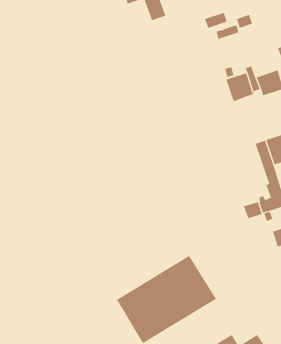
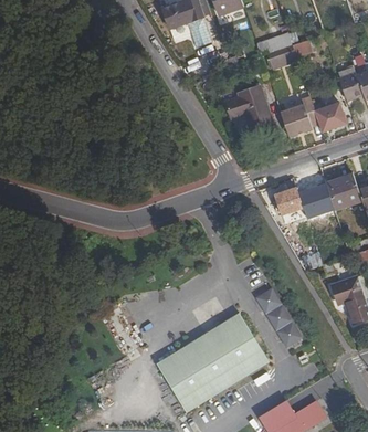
building: none -> [225,85,271,128]
building: none -> [275,188,303,214]
building: none -> [257,288,302,346]

